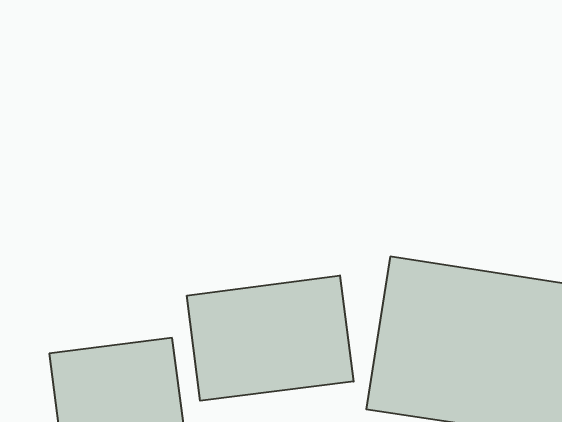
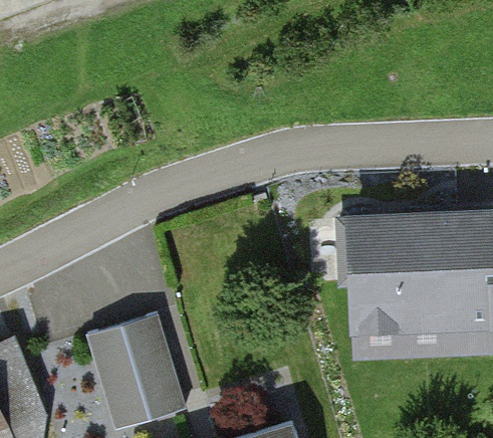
building: [187,275,354,401] -> none

